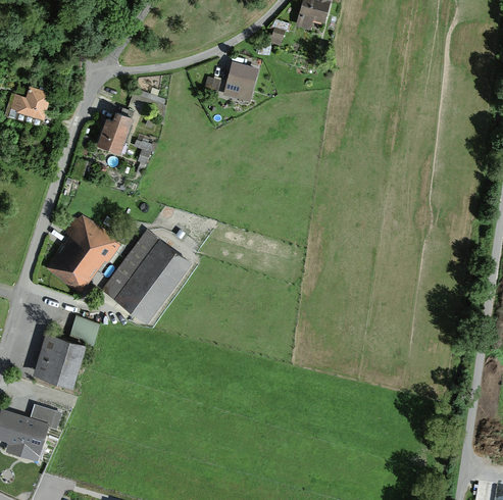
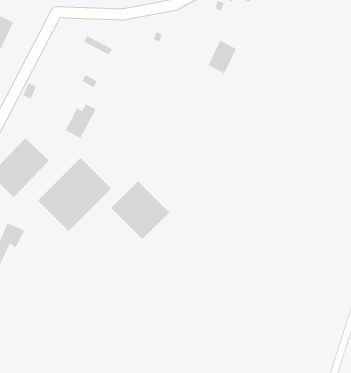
building: [225,62,255,100] -> [208,40,237,74]
building: [99,112,131,152] -> [65,104,97,138]
building: none -> [110,181,170,240]

